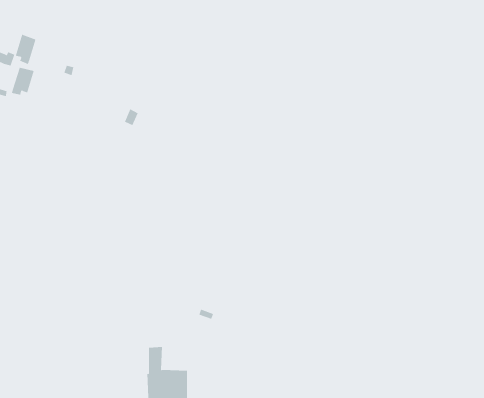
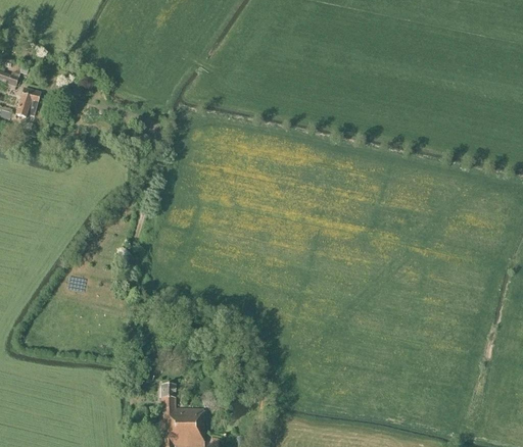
building: [15,34,36,65] -> none

